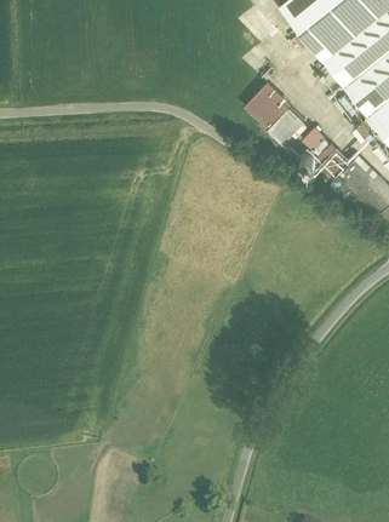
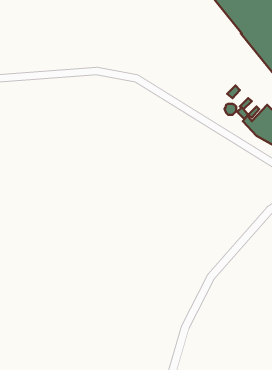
building: [244,81,304,144] -> none

